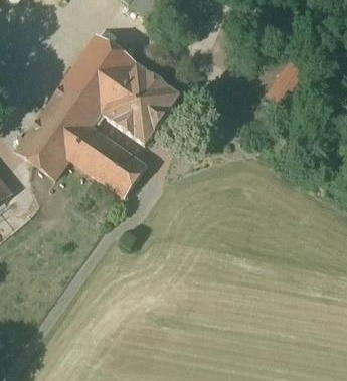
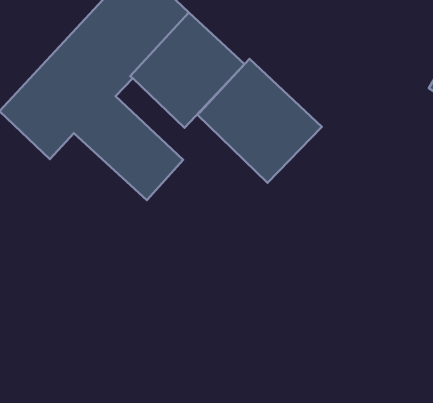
building: none -> [197,59,322,183]

